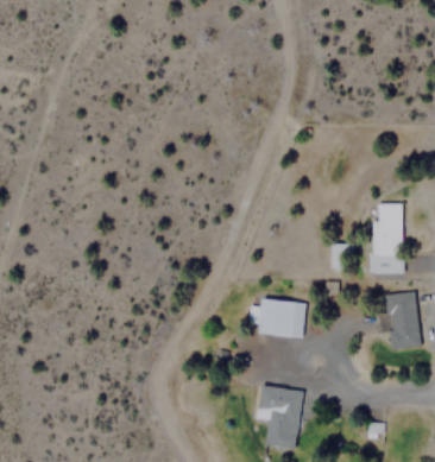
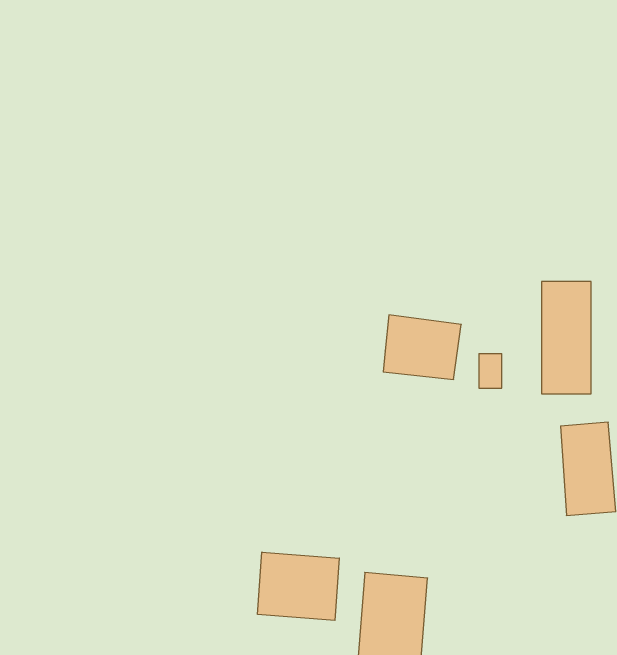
building: [258,296,307,336] -> [383,315,461,379]
building: none -> [258,552,339,620]

